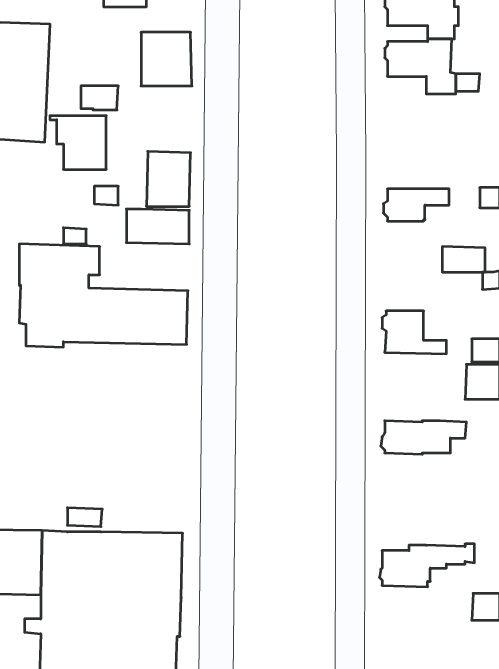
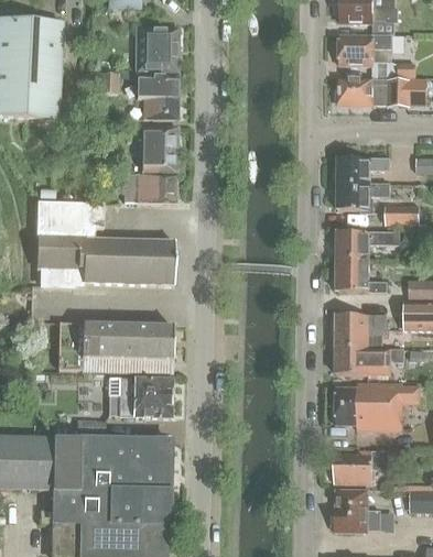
building: none -> [337,77,425,105]
building: [50,116,106,169] -> [131,74,177,118]
building: none -> [336,182,391,211]
building: none -> [335,230,400,256]
building: none -> [335,313,387,348]
building: none -> [58,323,173,372]
building: none -> [109,378,172,417]
building: none -> [336,383,420,429]
building: none -> [333,490,380,531]

